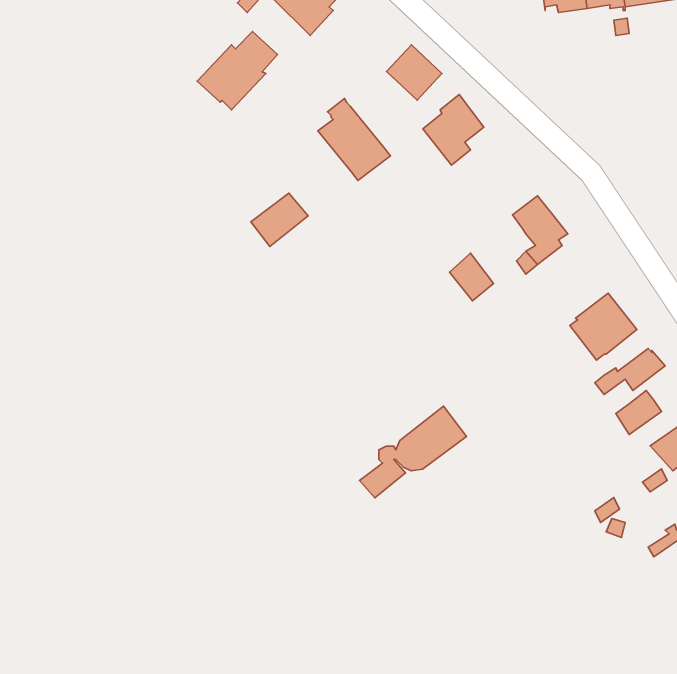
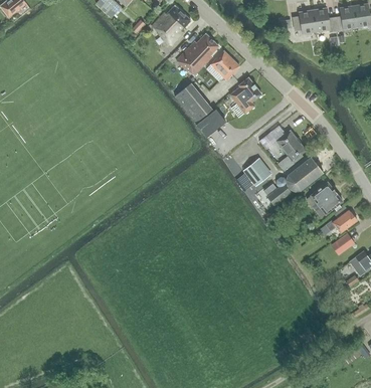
building: [197,32,277,110] -> [176,33,218,74]
building: [251,193,308,247] -> [195,109,225,137]
building: [360,406,467,498] -> [266,156,323,204]

